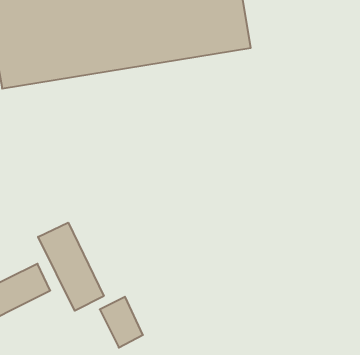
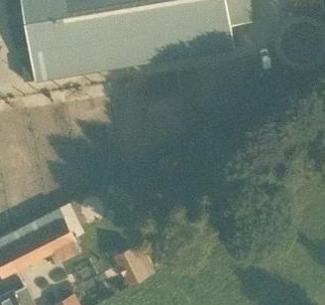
building: [38,223,104,311] -> none

